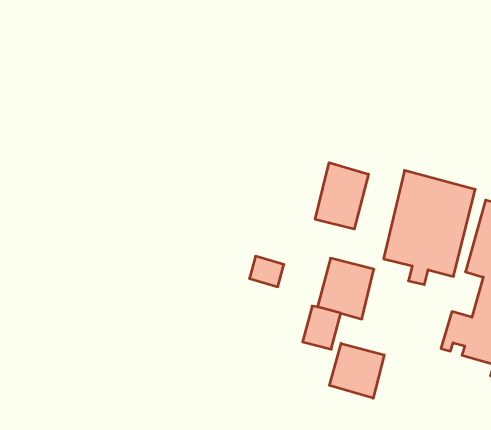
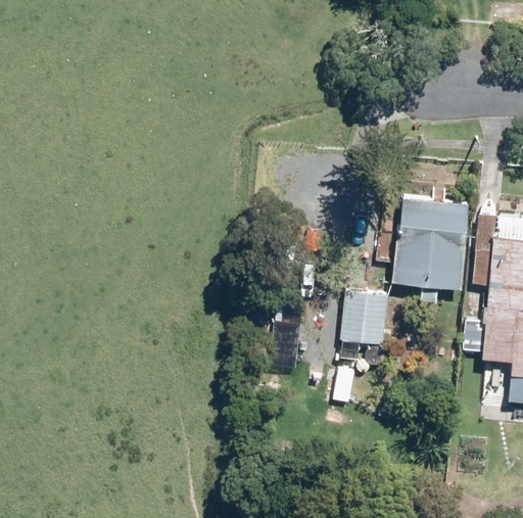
building: [315,163,368,229] -> none
building: [329,343,384,398] -> none

